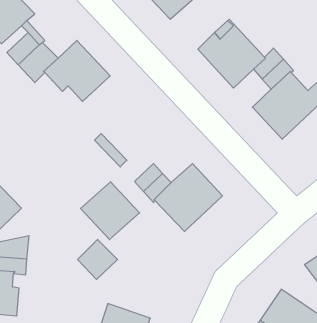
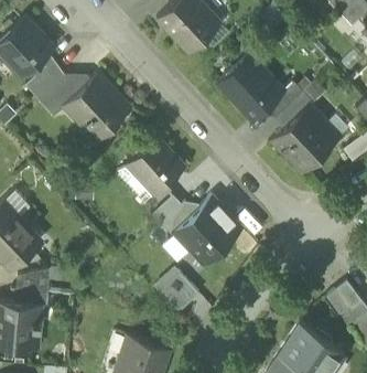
building: [81,182,140,240] -> [127,138,185,195]
building: [78,239,118,279] -> [160,274,199,313]

